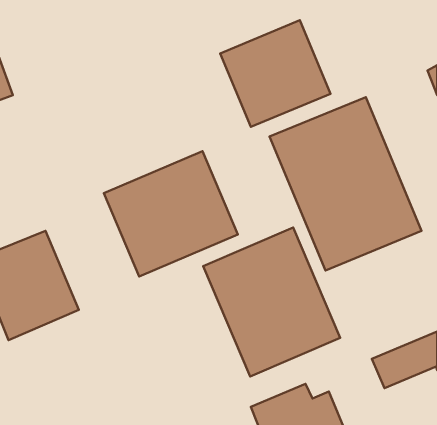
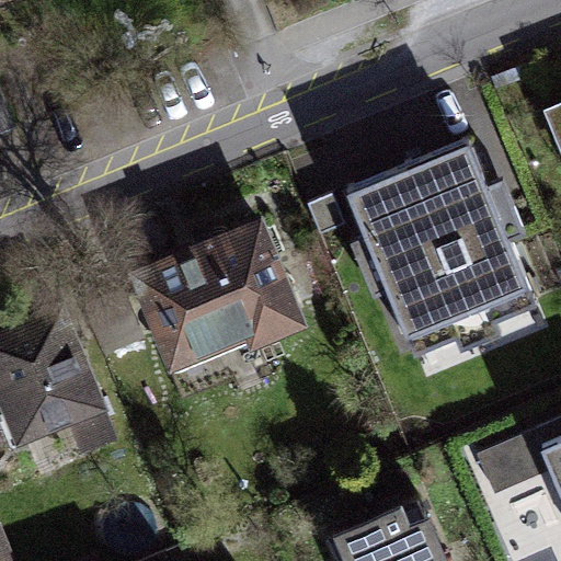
building: [220,20,331,127] -> none
building: [203,228,340,377] -> none

